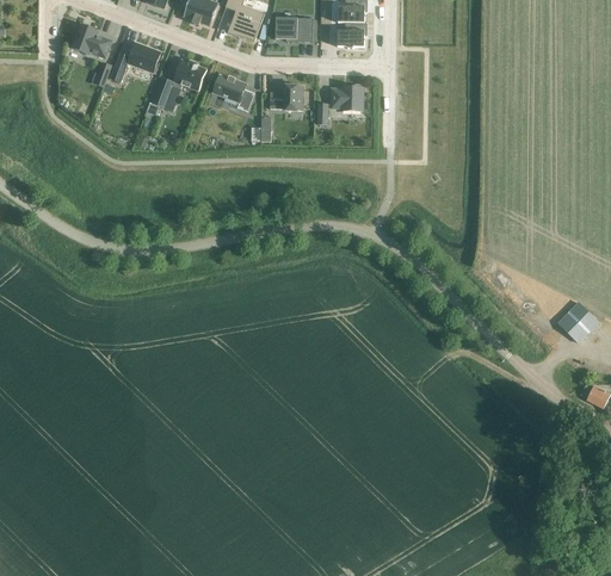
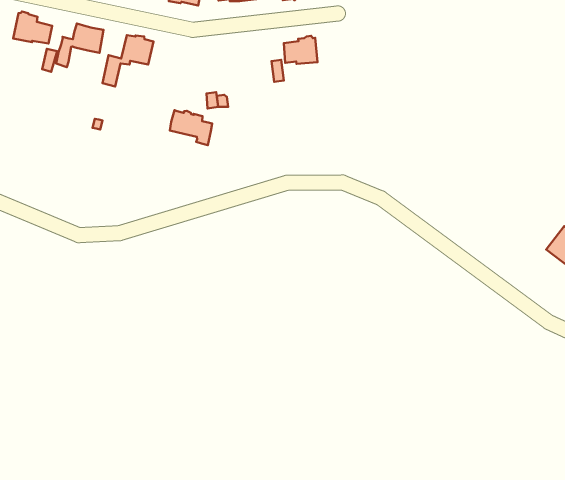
building: [212,74,254,112] -> [170,110,212,145]
building: [270,85,302,110] -> none

